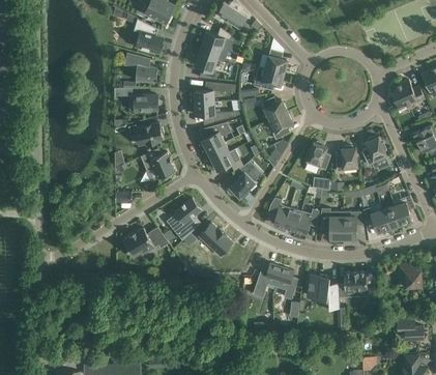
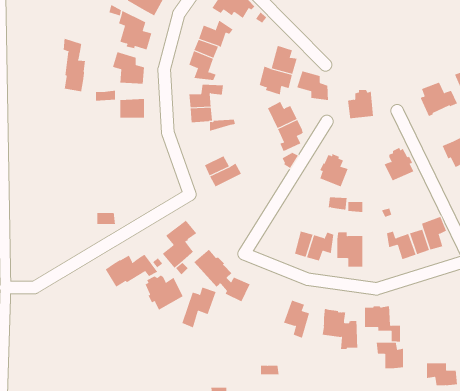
building: none -> [63,38,85,92]
building: none -> [297,70,329,101]
building: [202,123,231,152] -> none
building: [128,124,164,145] -> none
building: [336,147,358,172] -> [347,90,374,119]
building: [141,149,175,180] -> none
building: [230,165,257,198] -> none
building: [268,198,290,228] -> none
building: [344,212,364,239] -> none
building: none -> [145,275,183,310]
building: [253,263,283,298] -> [181,287,217,328]
building: [398,265,422,288] -> [376,342,404,369]

